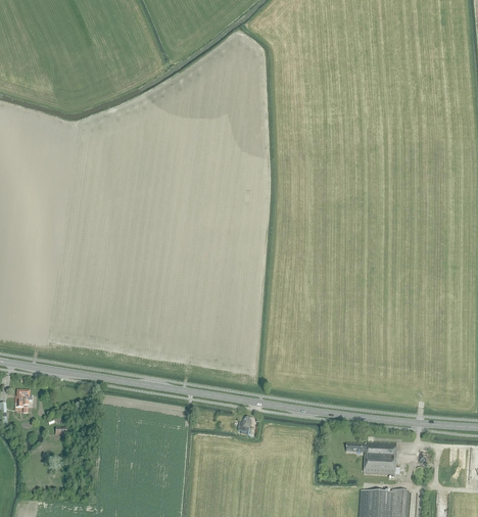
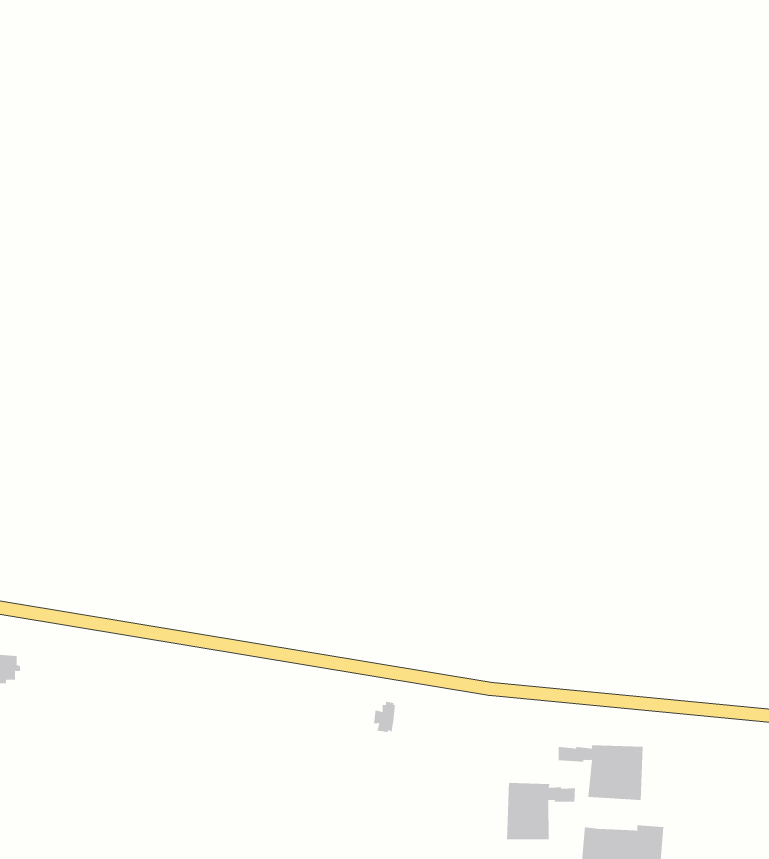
building: none -> [506,782,576,840]

